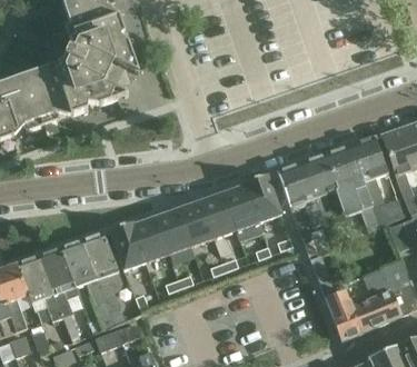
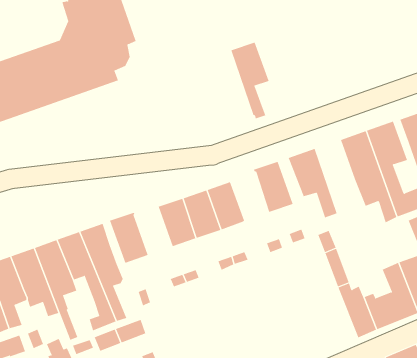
building: [301,153,338,226] -> [230,42,270,119]
building: [222,184,264,240] -> none
building: [132,216,168,261] -> none

